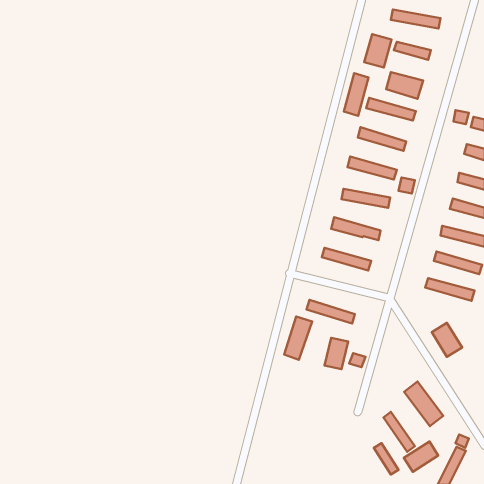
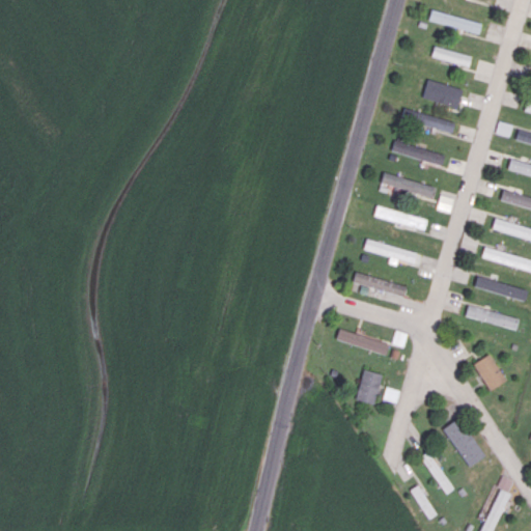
building: [364,34,392,68] -> none
building: [344,73,368,116] -> none
building: [284,317,312,360] -> none
building: [404,441,438,472] -> none

